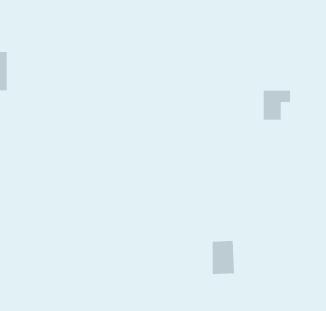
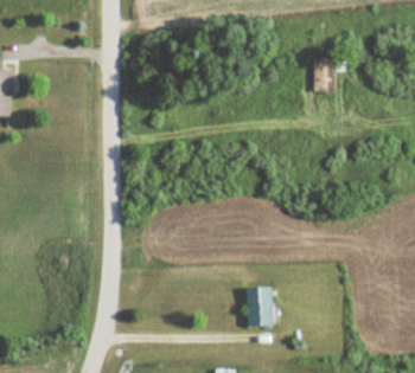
building: [263,90,291,120] -> [314,58,346,92]

